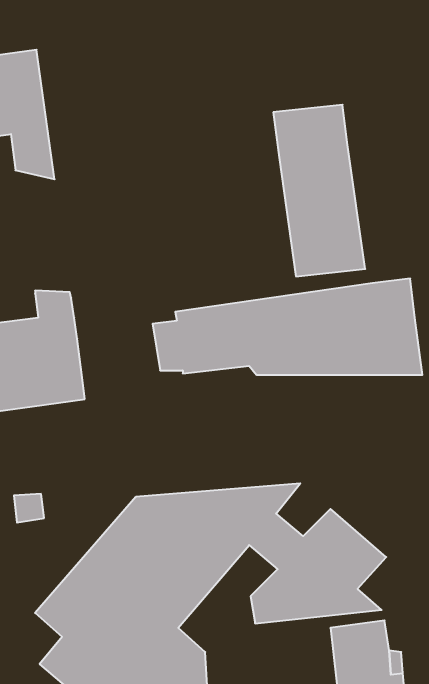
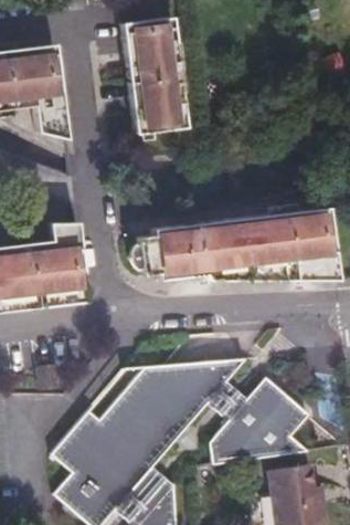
building: [273,105,365,276] -> [119,14,187,140]

